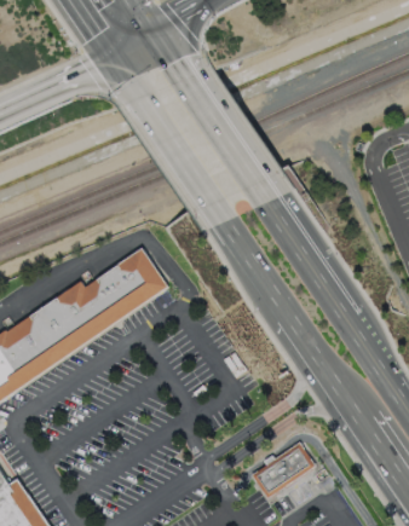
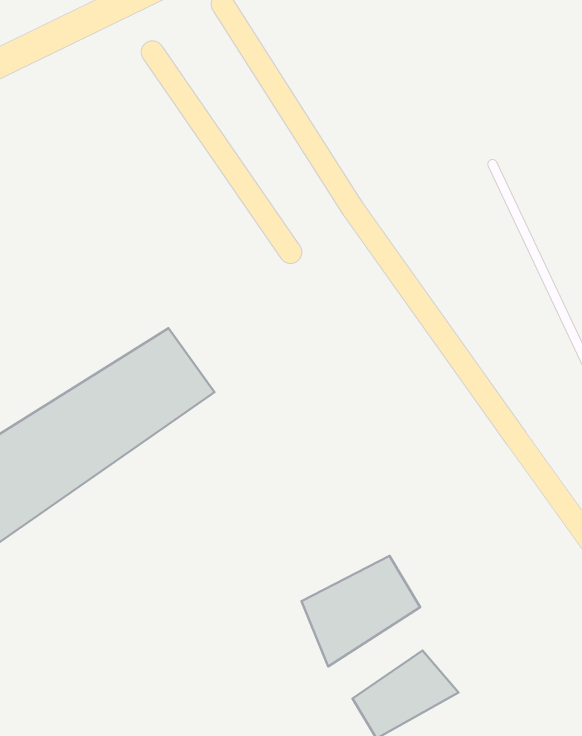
building: none -> [302,556,420,667]

